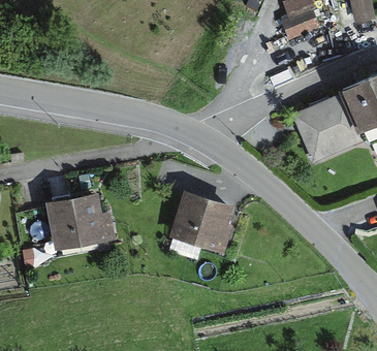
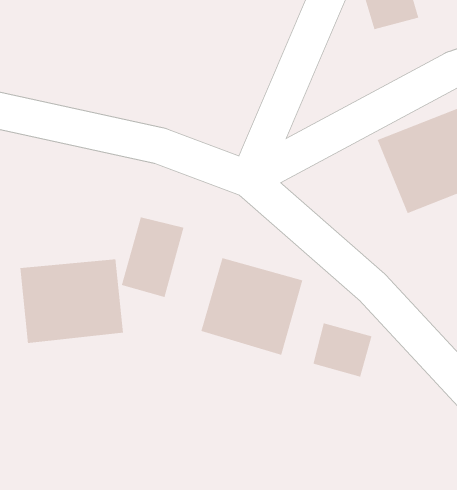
building: none -> [121,217,184,298]
building: none -> [313,322,372,377]

